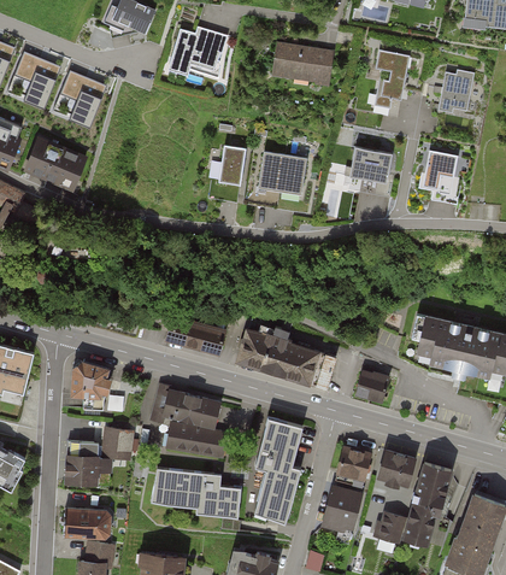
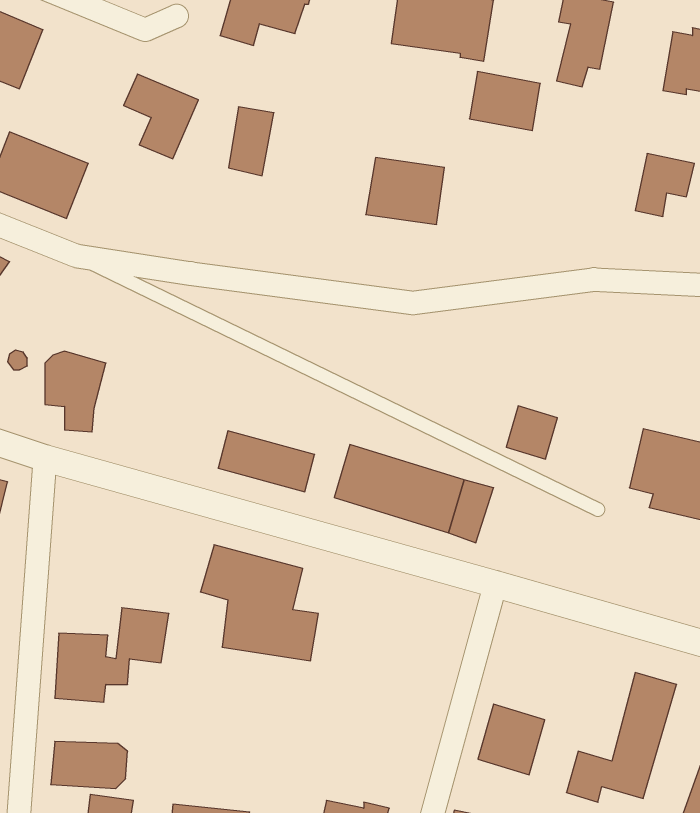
building: [59,75,105,127] -> [124,74,198,159]
building: [217,143,245,186] -> [229,107,274,176]
building: [348,145,392,181] -> [469,72,540,131]
building: [72,360,110,410] -> [45,351,106,432]
building: [355,371,387,404] -> [506,406,557,459]
building: [254,418,300,521] -> none
building: [330,448,372,491] -> none
building: [377,453,412,487] -> none
building: [154,470,239,520] -> none

